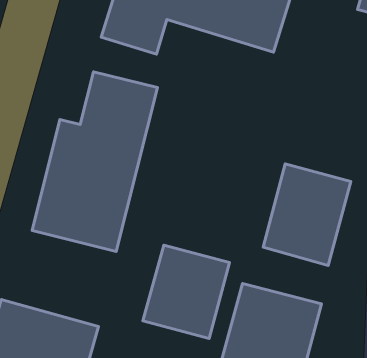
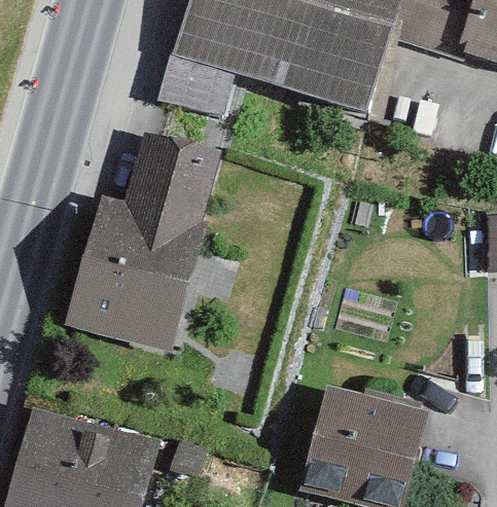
building: [263,164,351,266] -> none
building: [143,245,229,338] -> none

